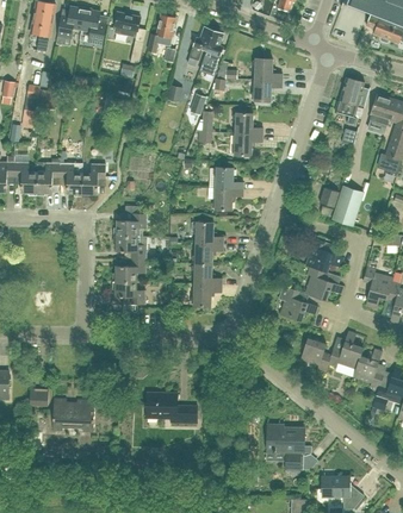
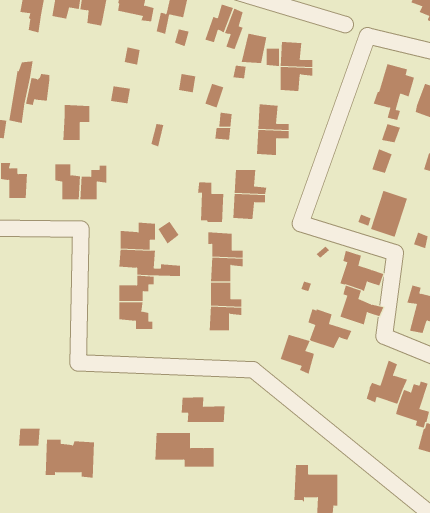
building: [37,162,61,193] -> [62,104,90,141]
building: none -> [197,182,224,223]
building: [300,338,330,373] -> [280,334,315,374]
building: none -> [181,397,225,423]

